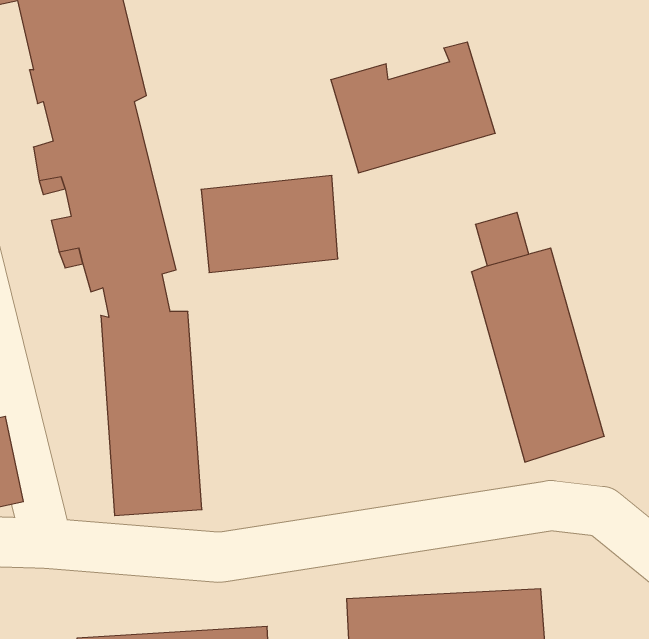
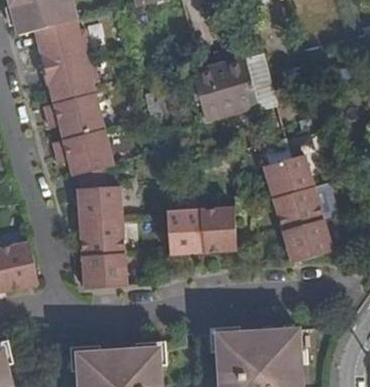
building: [201,176,338,273] -> [170,208,240,257]

